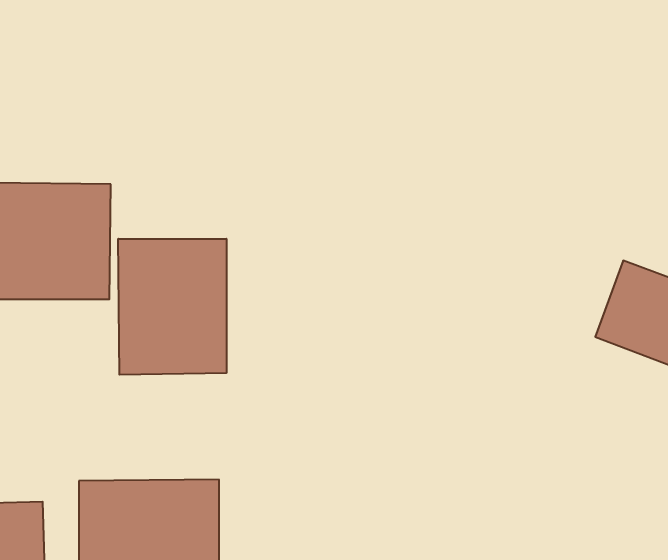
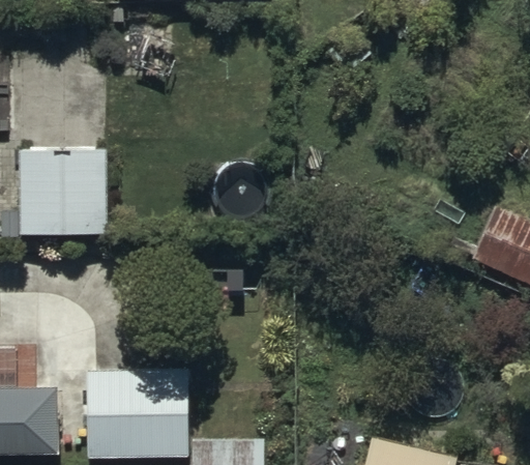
building: [118,239,226,375] -> none

